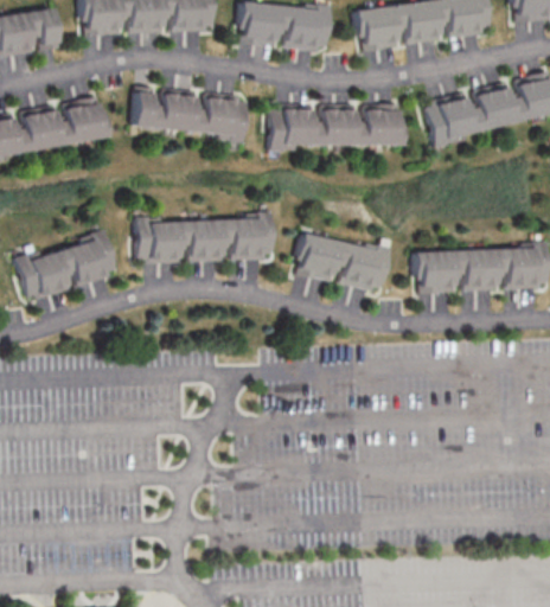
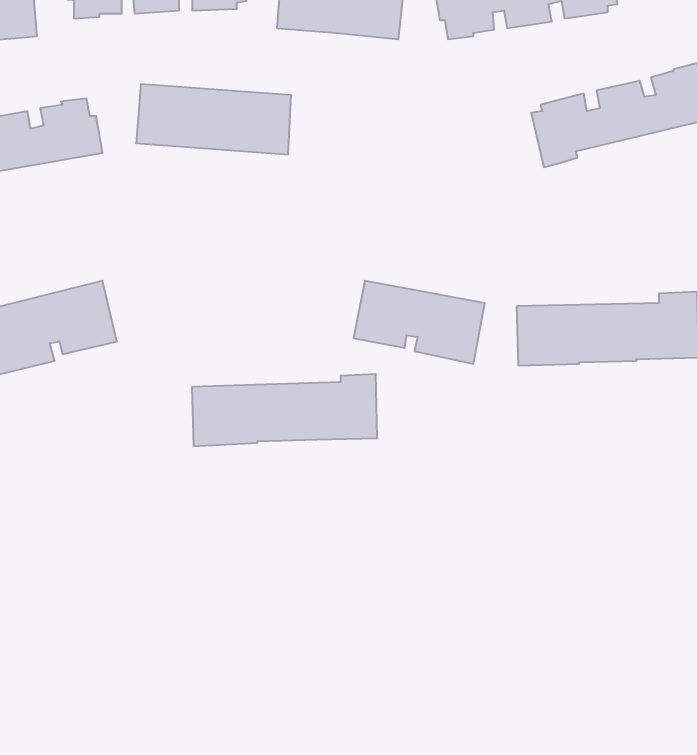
building: [270,104,403,152] -> none
building: [136,212,274,266] -> [192,374,377,446]

